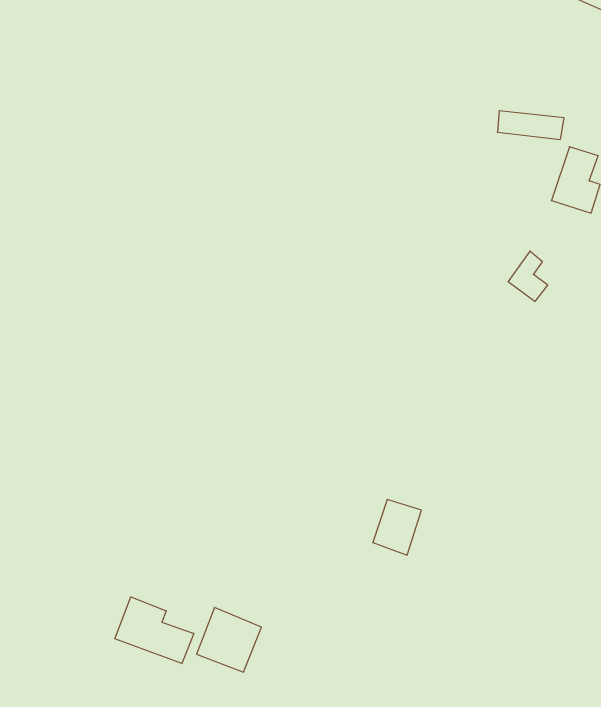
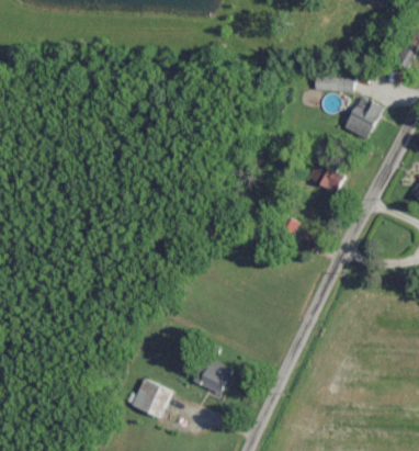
building: [373,499,421,555] -> [201,361,230,395]
building: [115,597,194,664] -> none

